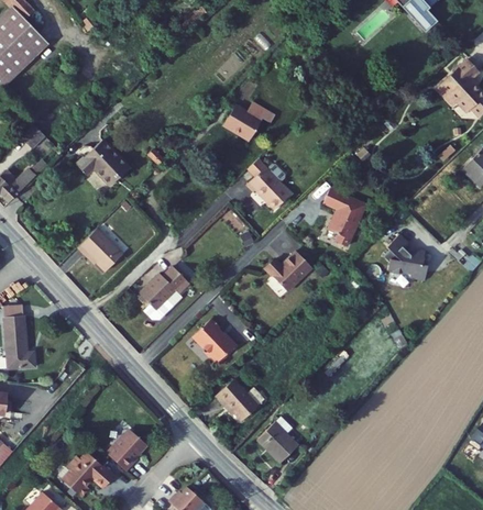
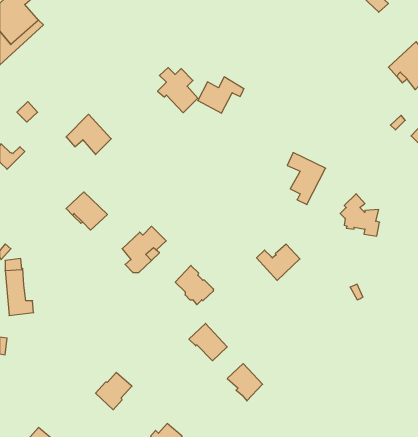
building: [243,159,288,210] -> [158,68,198,113]
building: [264,252,312,292] -> [257,244,300,280]
building: [63,453,116,498] -> none

